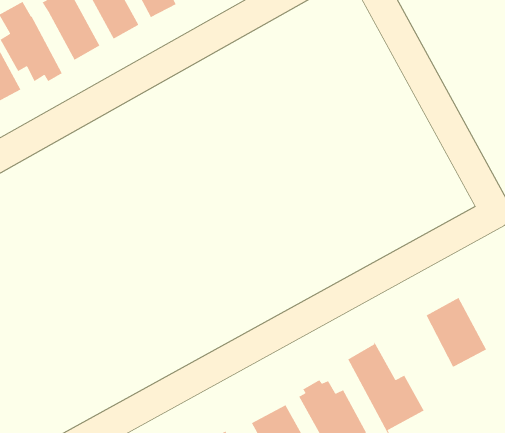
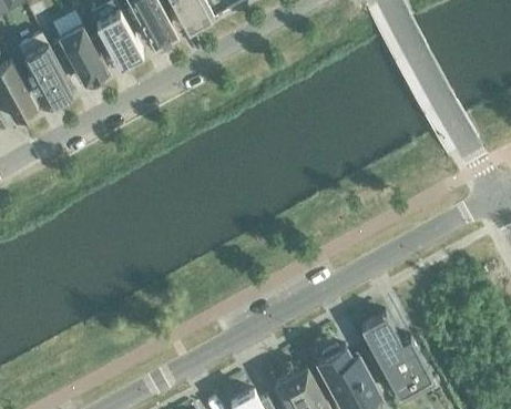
building: [425,297,487,368] -> none

